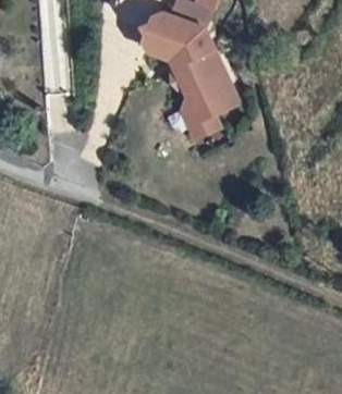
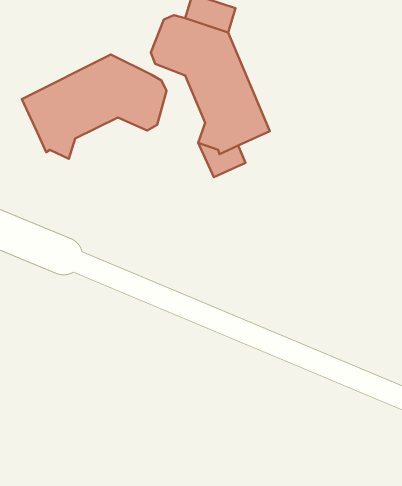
building: none -> [22,55,167,159]

